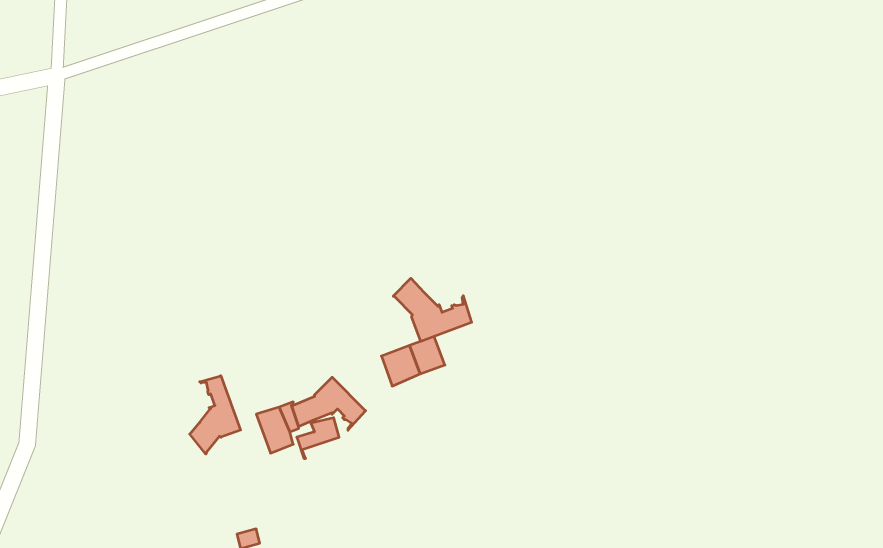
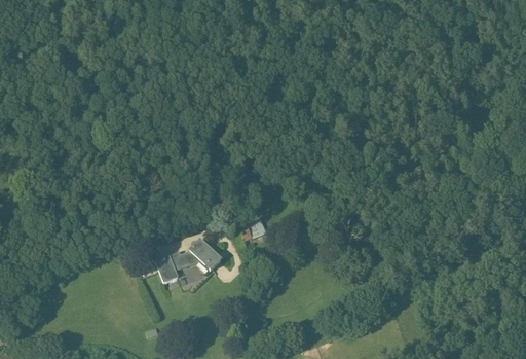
building: [393,278,472,341] -> none
building: [190,376,241,454] -> none

